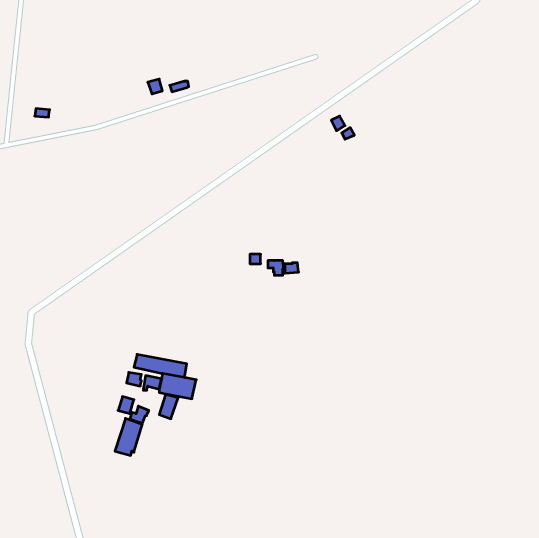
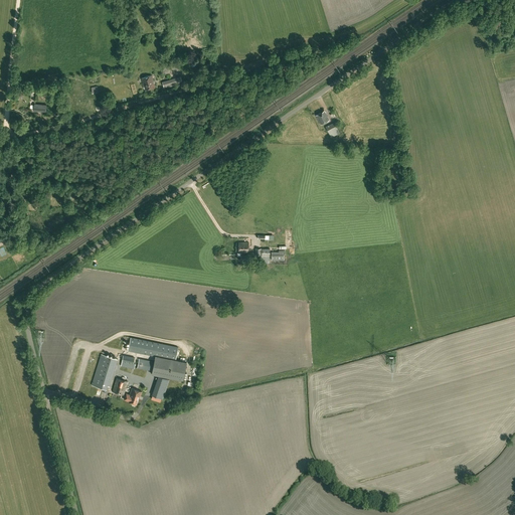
building: [115,418,142,455] -> [92,355,118,390]

